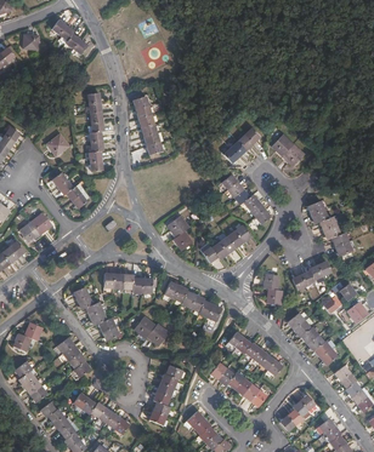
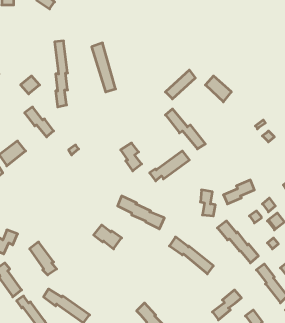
building: [308,200,351,256] -> none
building: [103,271,152,292] -> none
building: [74,285,119,337] -> none
building: [209,361,265,406] -> none
building: [151,364,183,424] -> none

